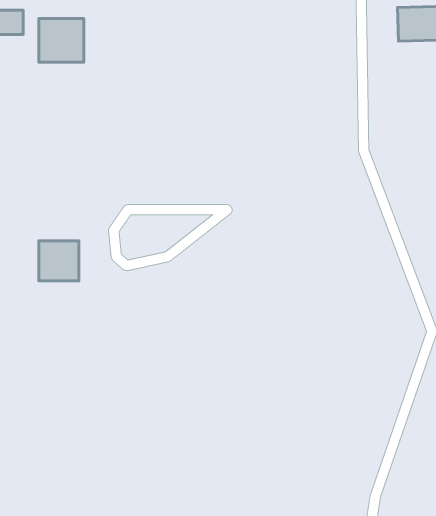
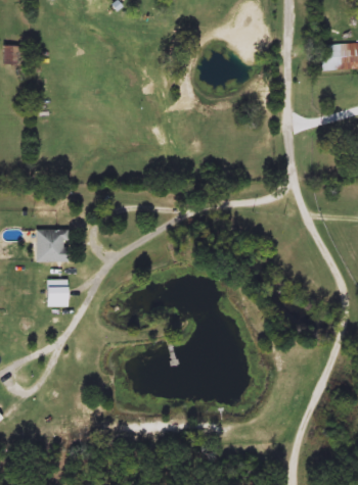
building: [39,19,84,62] -> none
building: none -> [45,279,68,306]

